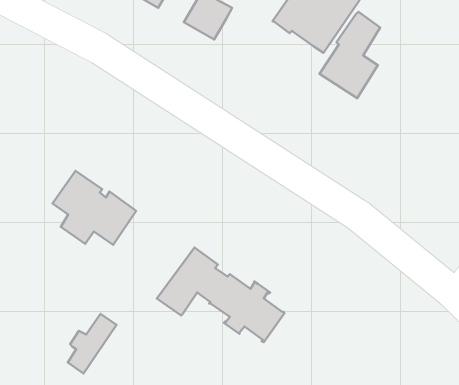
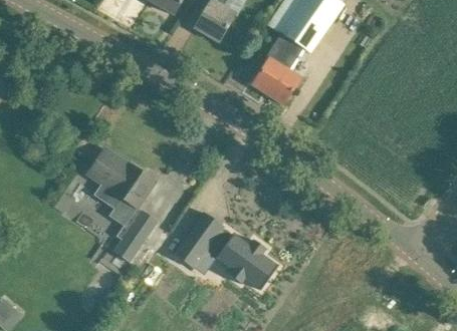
building: [319,12,380,98] -> [252,33,302,104]
building: [68,314,116,373] -> [116,211,156,260]

